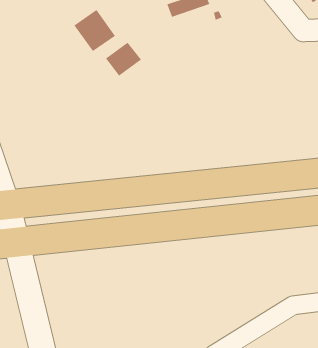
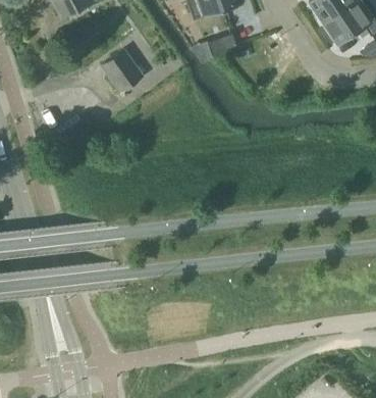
building: [105,42,142,76] -> none

